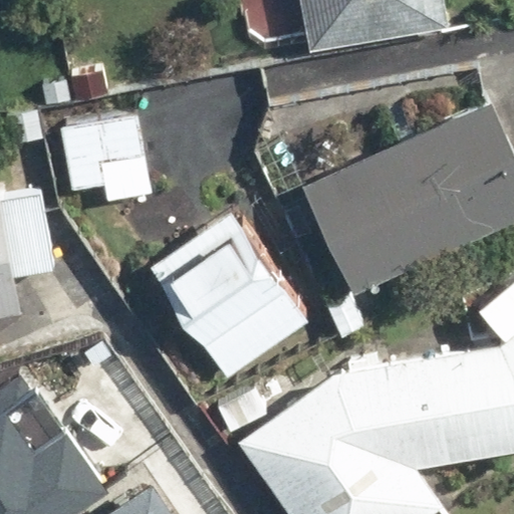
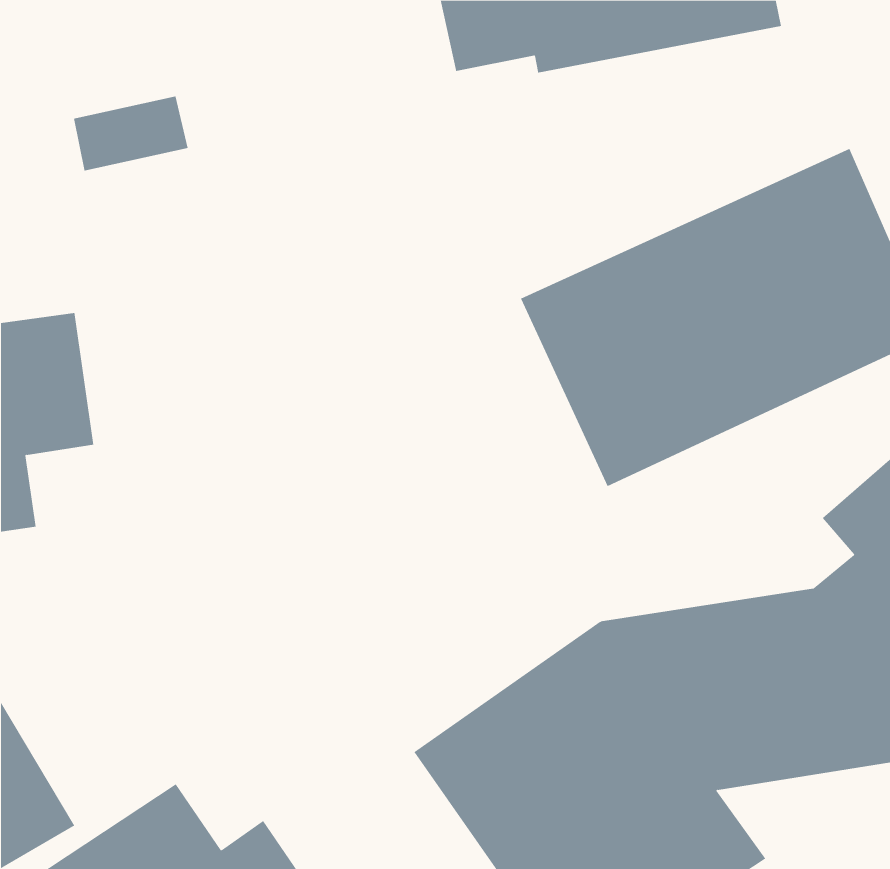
building: [57,112,154,210] -> none
building: [149,212,308,378] -> none

